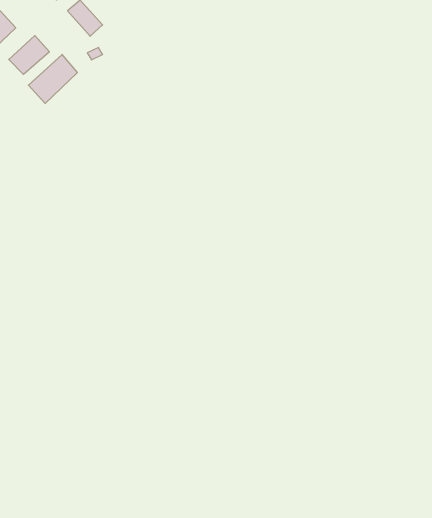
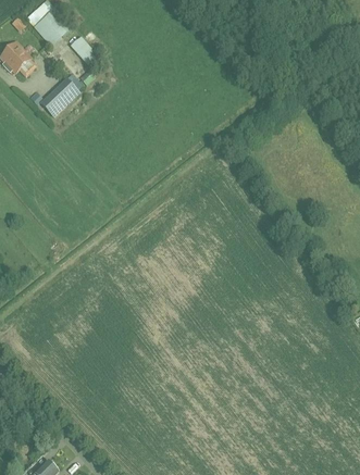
building: [9,36,49,74] -> none

